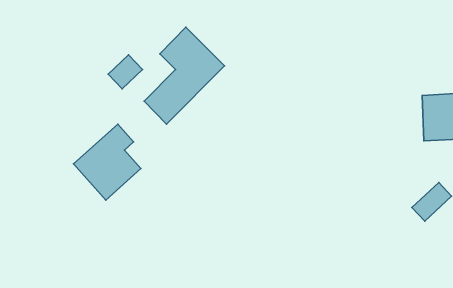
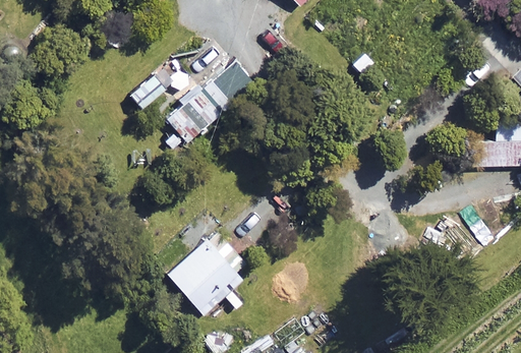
building: [74,124,141,200] -> [168,230,242,313]

